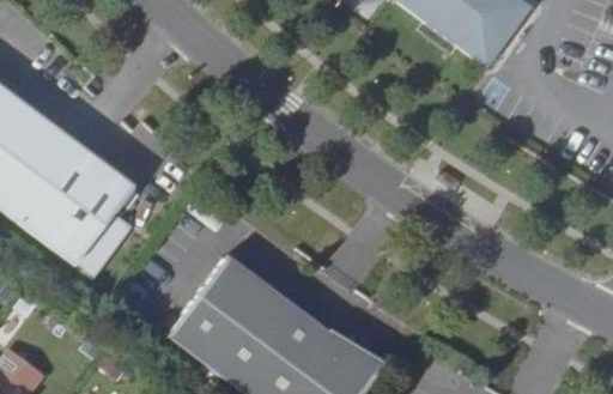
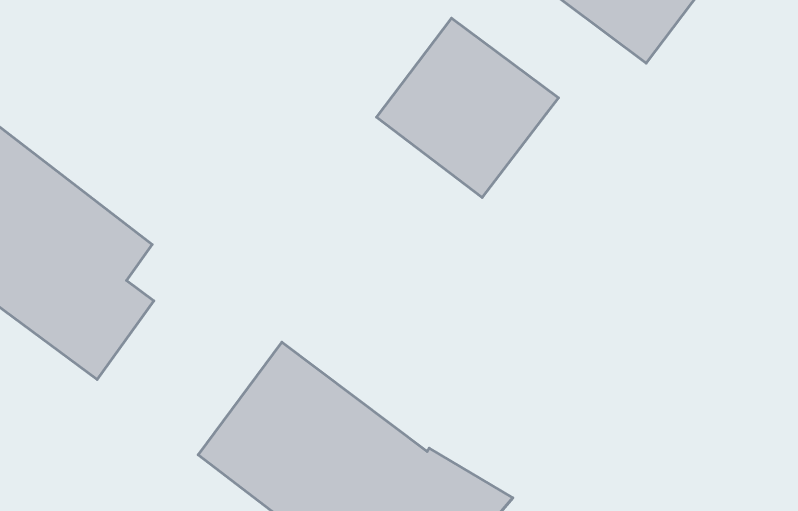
building: none -> [377,18,558,198]

